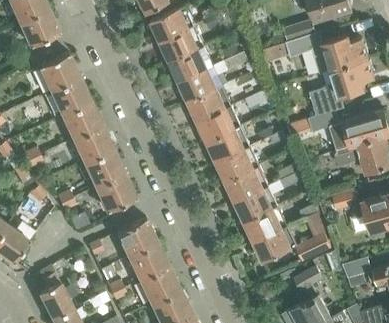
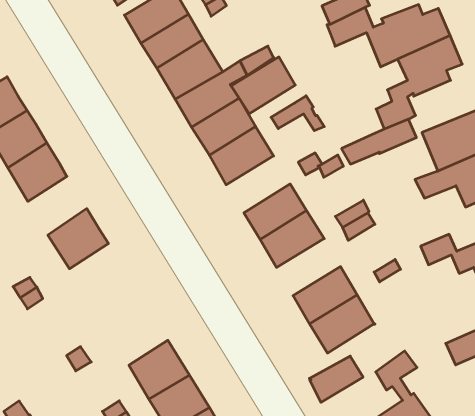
building: [72,125,111,163] -> none
building: [206,126,249,162] -> [231,57,295,114]
building: [95,173,135,218] -> none
building: [234,185,277,221] -> none
building: [116,217,156,256] -> none
building: [295,233,331,262] -> [309,356,363,402]

